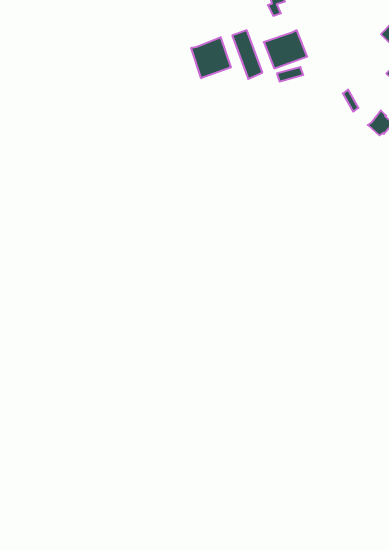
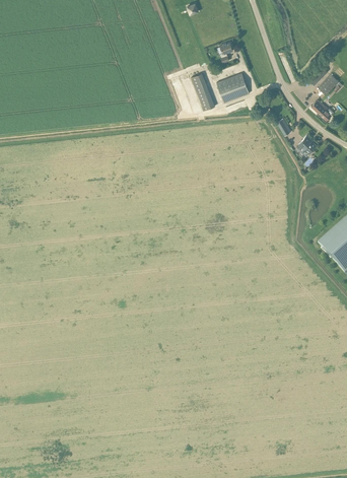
building: [191,37,231,78] -> none

